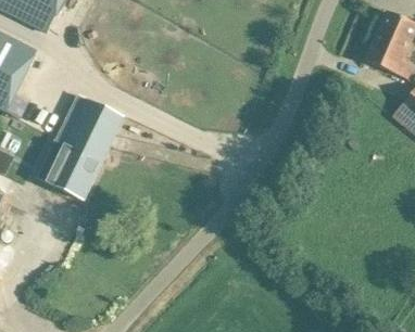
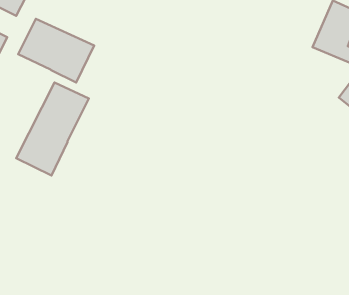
building: none -> [18,19,94,82]

